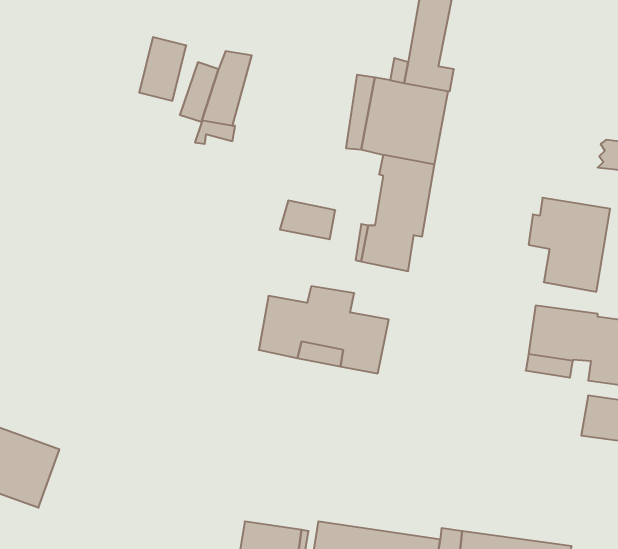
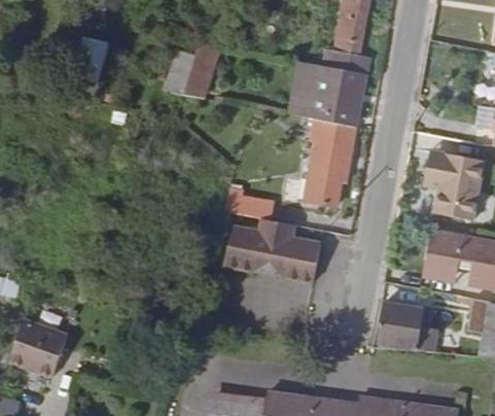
building: [139,37,186,101] -> [76,33,111,80]
building: [280,201,335,239] -> [223,187,264,216]
building: none -> [378,304,436,347]

